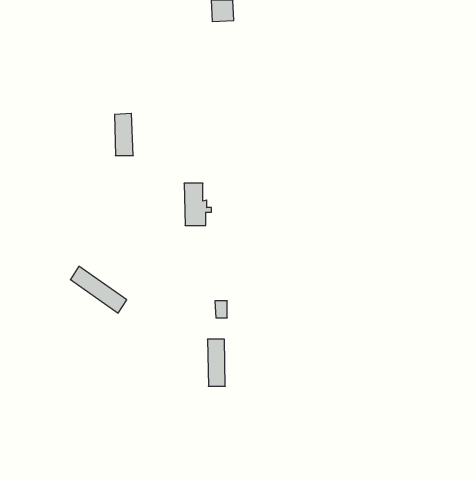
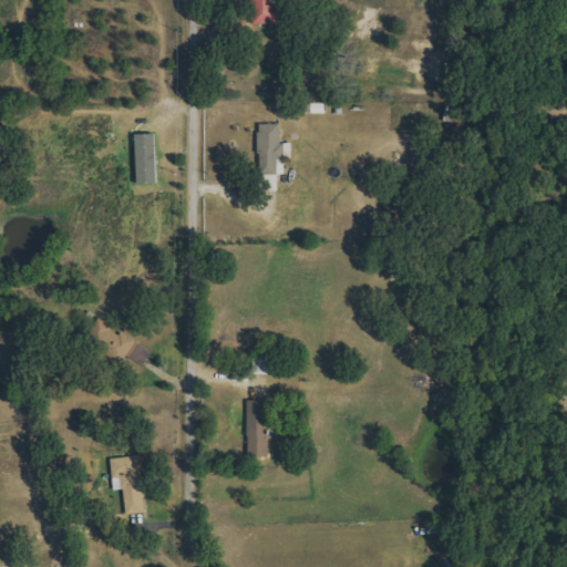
building: [184,183,211,225] -> [257,124,289,174]
building: none -> [109,455,144,514]

